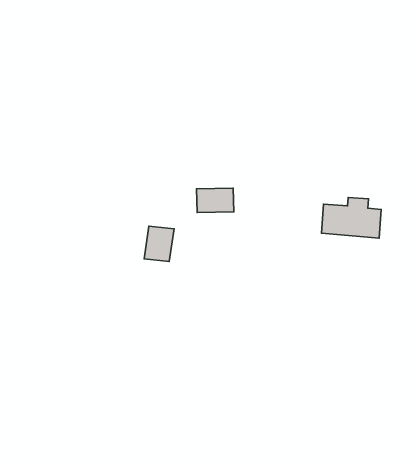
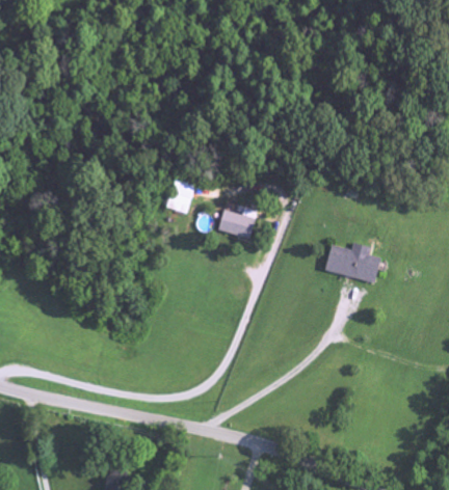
building: [144,226,174,261] -> [165,179,196,213]

